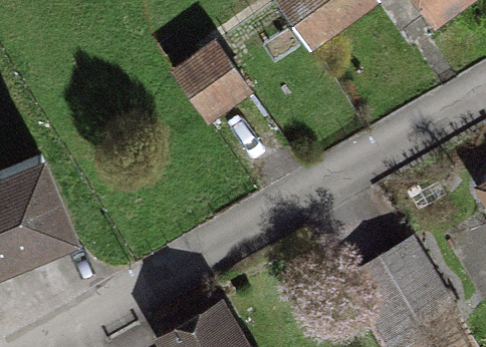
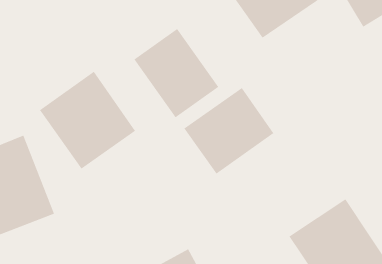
building: none -> [39,71,136,170]
building: none -> [183,87,274,174]

